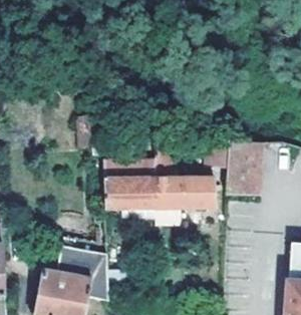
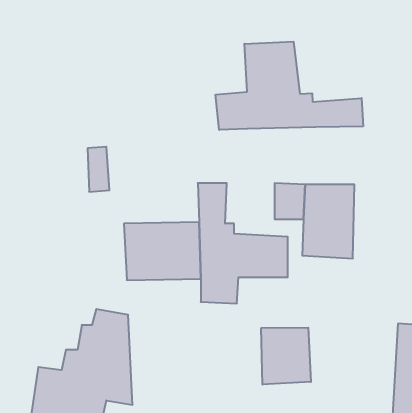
building: none -> [216,42,363,130]
building: none -> [261,328,311,385]

